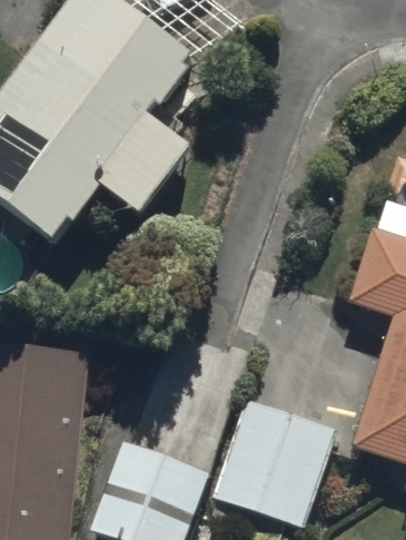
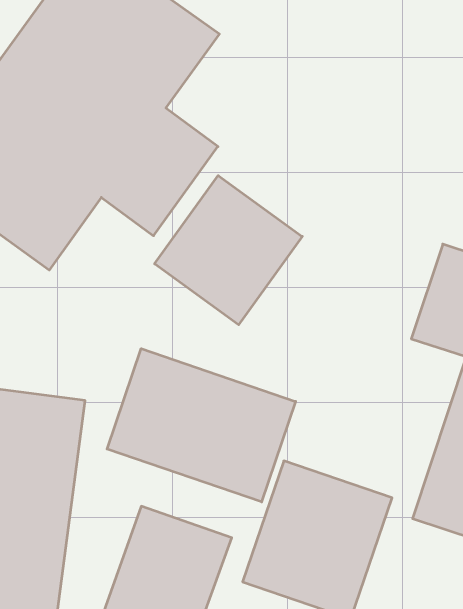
building: none -> [155,176,302,325]
building: none -> [107,349,296,502]

